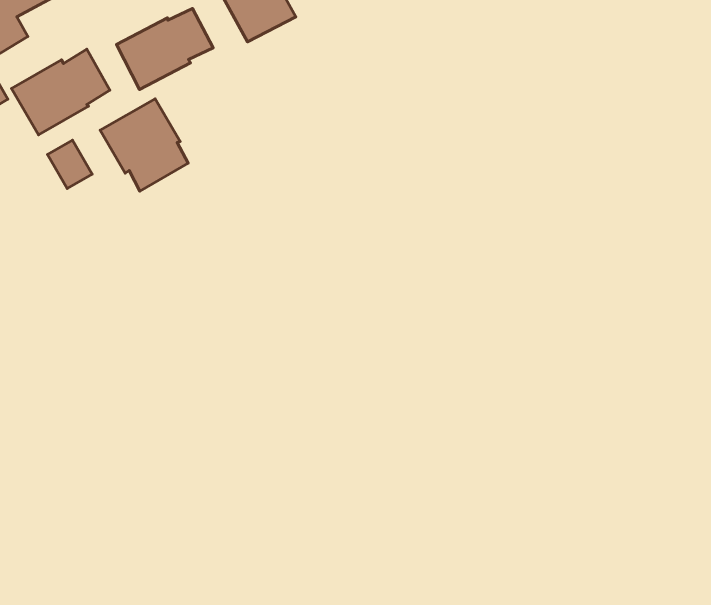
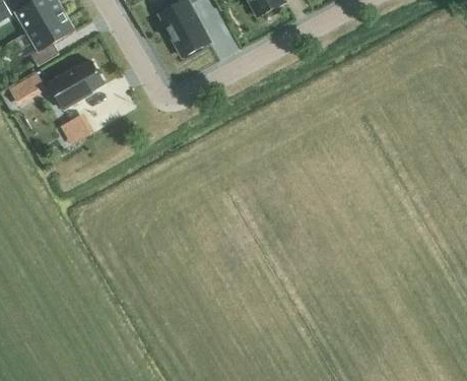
building: [117,8,213,89] -> none
building: [100,99,188,191] -> none

